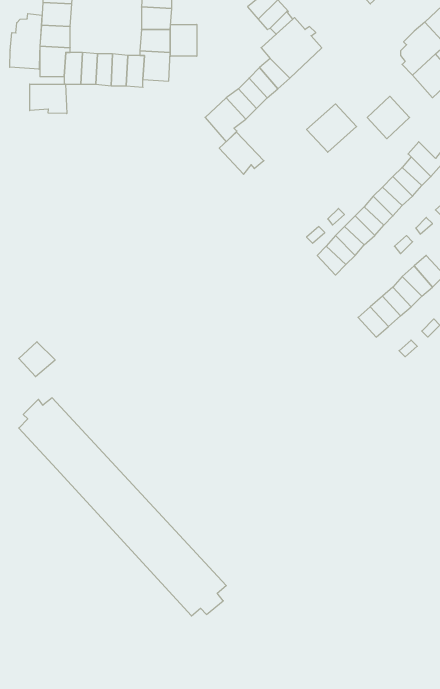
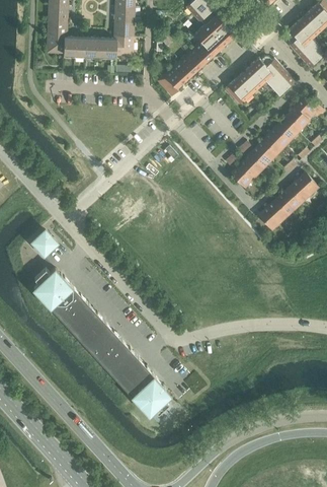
building: [10,14,42,69] -> none
building: [171,24,197,56] -> none
building: none -> [244,57,280,86]
building: [30,84,67,114] -> none
building: [219,132,264,174] -> none

